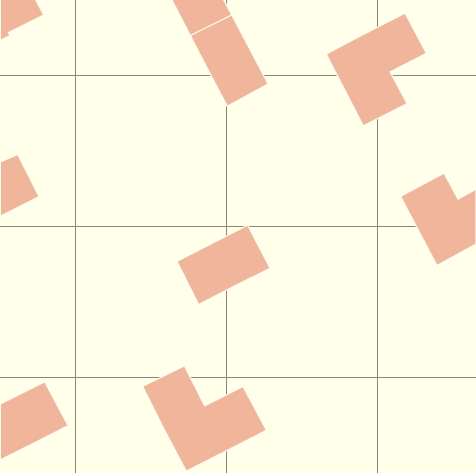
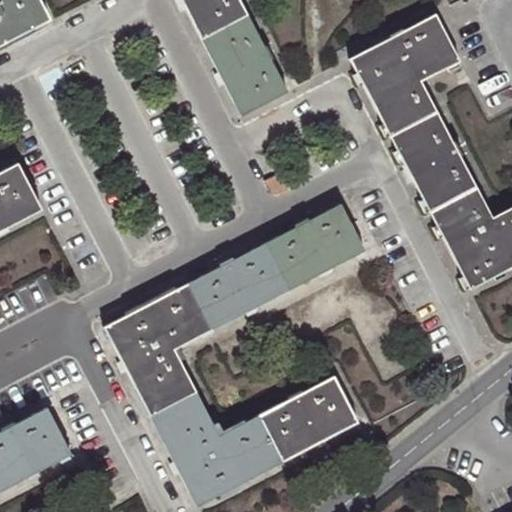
building: none -> [390,111,477,211]
building: none -> [266,203,366,288]
building: none -> [103,281,213,415]
building: none -> [261,377,360,462]

